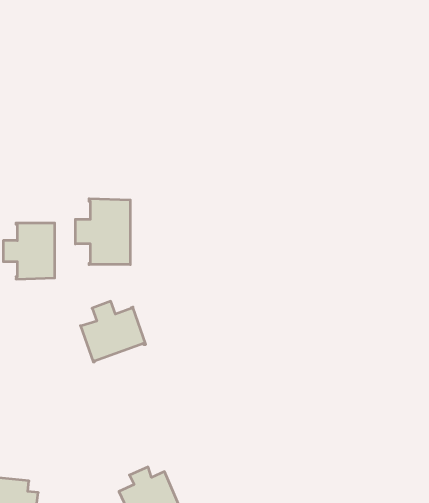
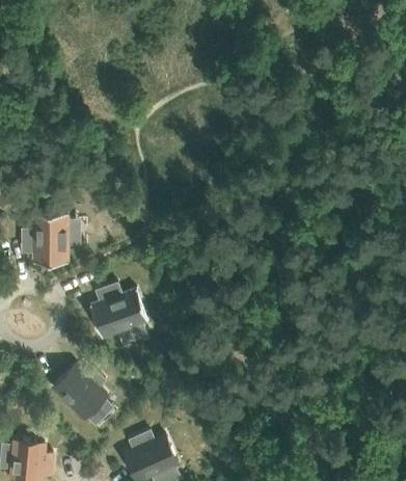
building: [75,199,130,265] -> none
building: none -> [53,366,107,420]

